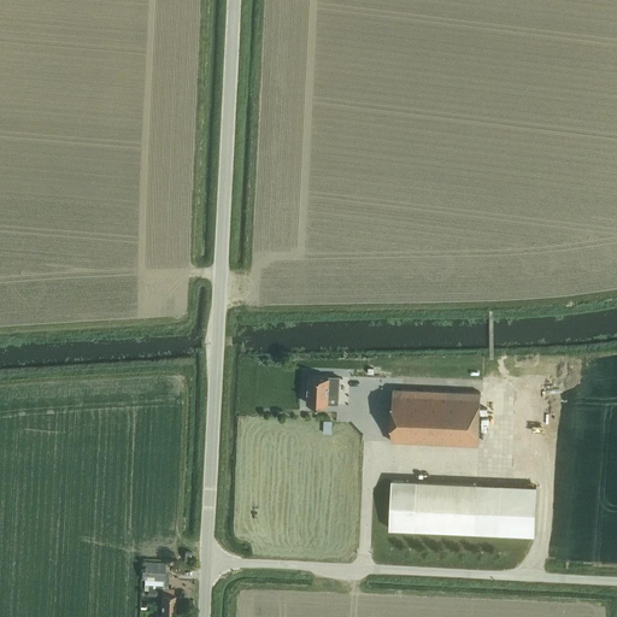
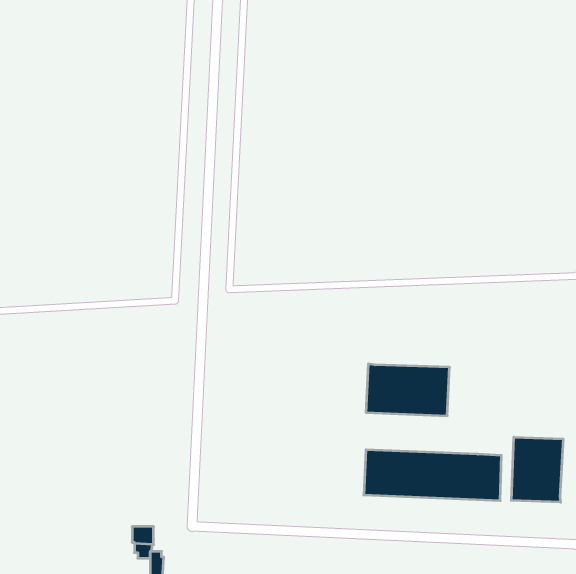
building: [306,380,339,407] -> none
building: none -> [511,437,563,502]

